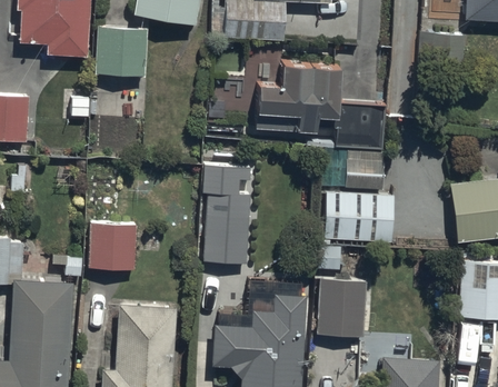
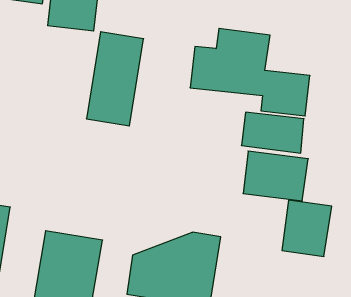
building: [199,165,253,265] -> [86,32,144,126]
building: [89,224,139,274] -> none
building: [319,282,369,340] -> [282,200,332,256]

